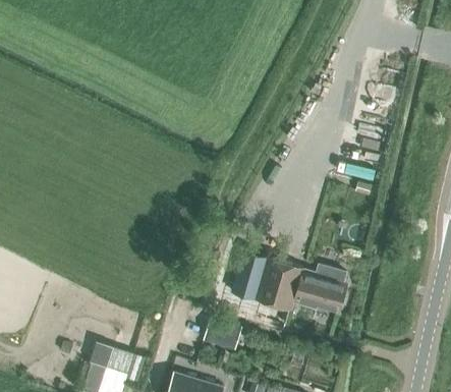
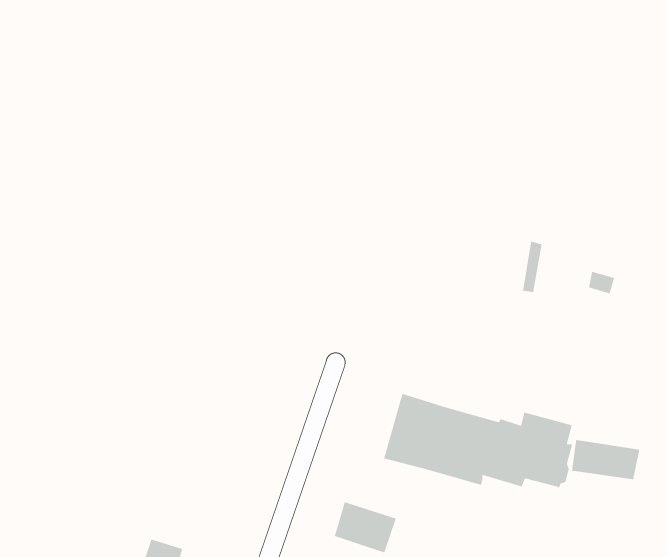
building: none -> [571,439,640,480]

